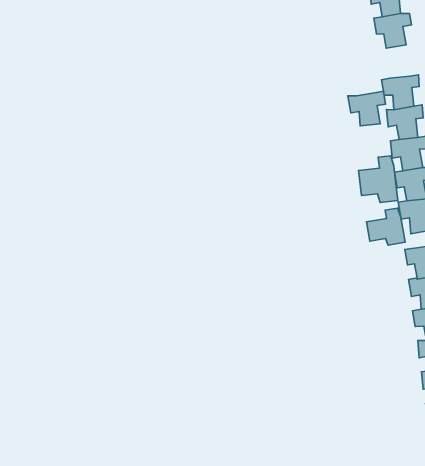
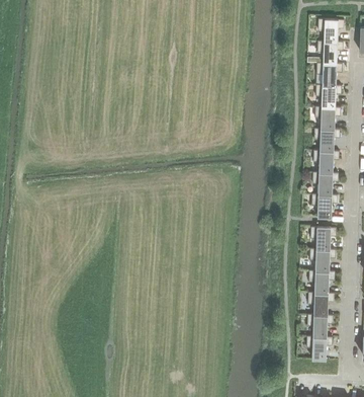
building: [348,91,386,126] -> [315,84,341,107]
building: [359,156,398,202] -> none
building: [367,208,405,245] -> none

